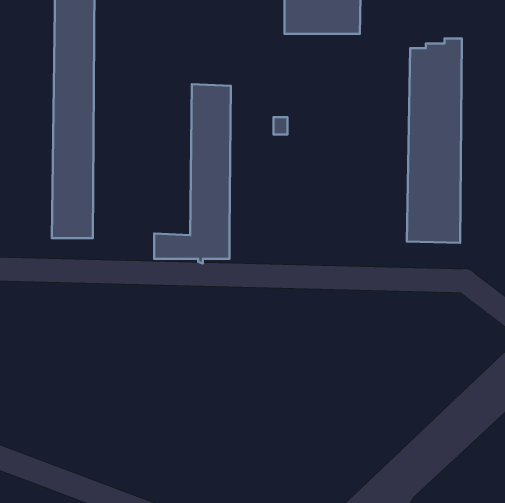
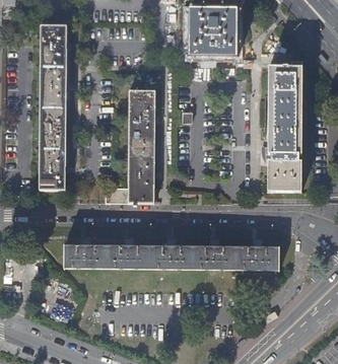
building: none -> [63,244,280,270]

